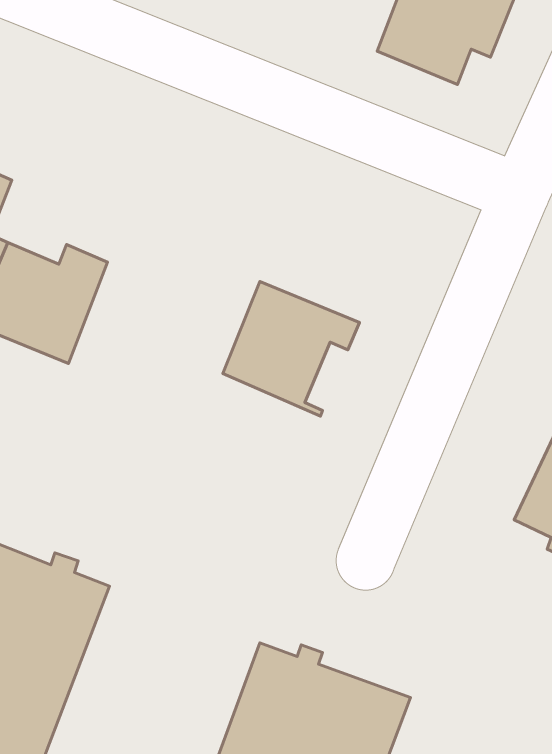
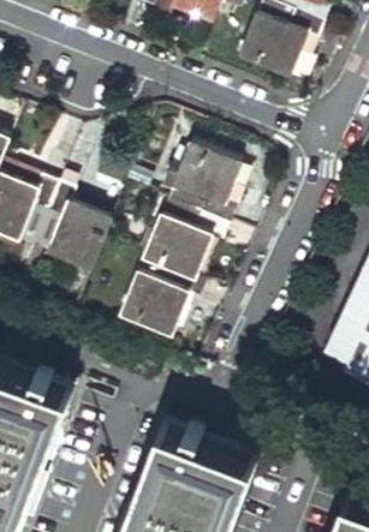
building: none -> [166,147,242,226]
building: none -> [48,189,113,269]
building: none -> [119,257,203,336]

